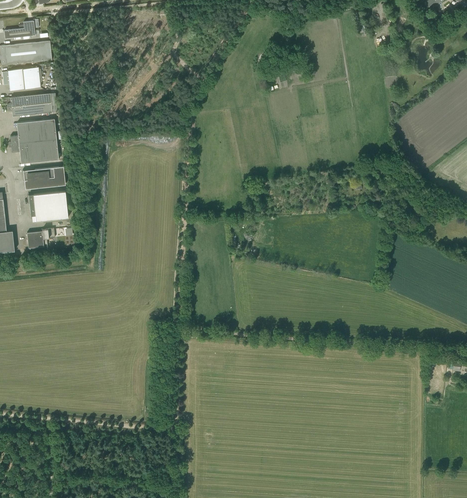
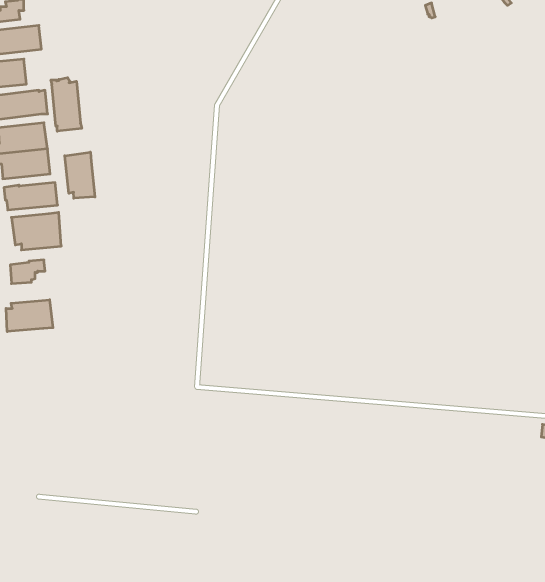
building: none -> [51,78,82,131]
building: none -> [65,152,95,198]
building: none -> [6,300,53,332]

